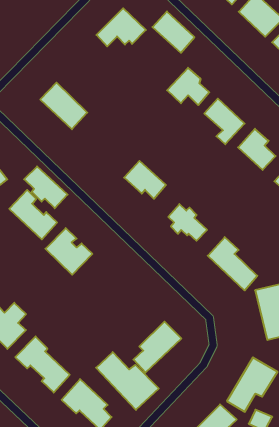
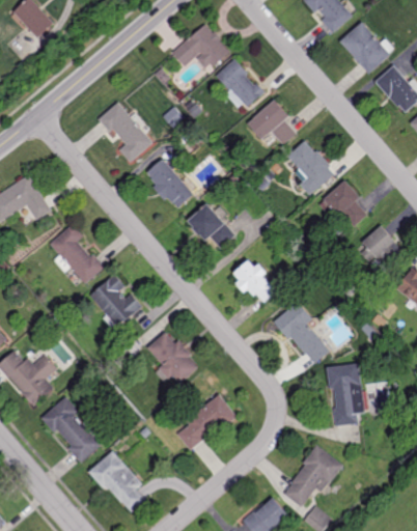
building: [152,11,194,53] -> [216,58,263,108]
building: [24,166,68,208] -> [145,158,194,208]
building: none -> [145,331,195,382]
building: [96,352,159,410] -> none

